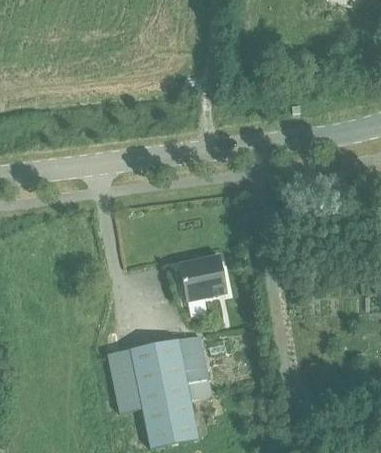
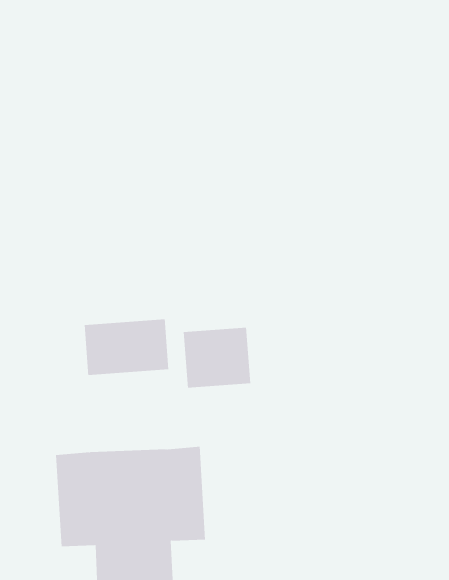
building: none -> [84,318,169,376]

